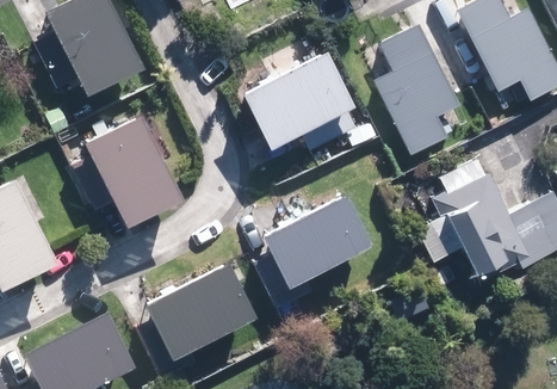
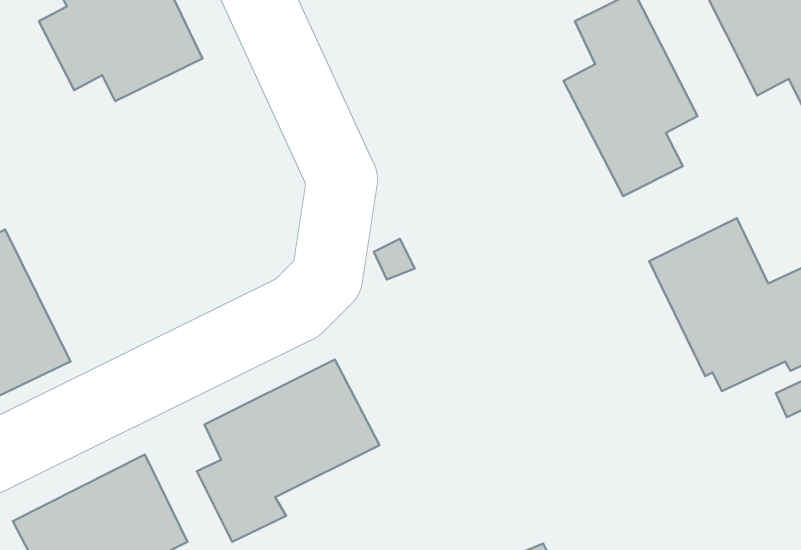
building: [241,50,357,150] -> none
building: [73,115,180,227] -> none
building: [255,189,373,308] -> none

